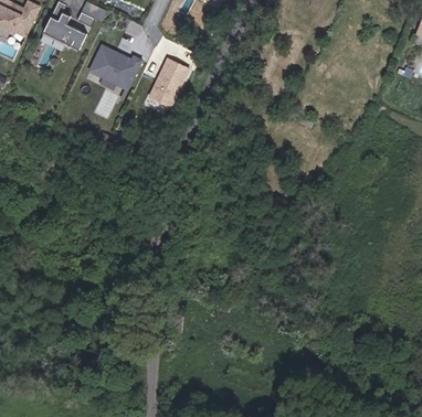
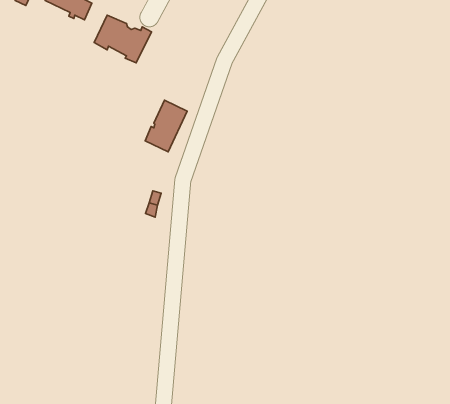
building: [148,58,187,106] -> [145,100,187,152]

